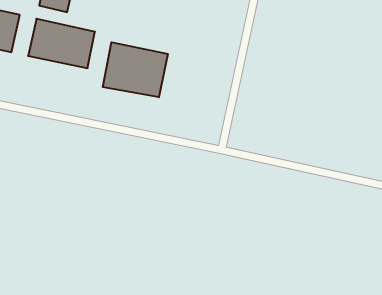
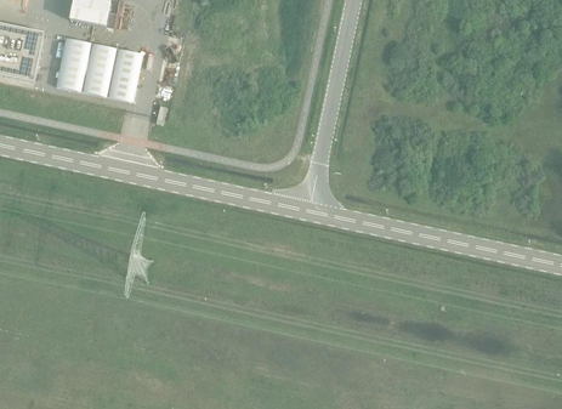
building: [103,42,168,97] -> none

